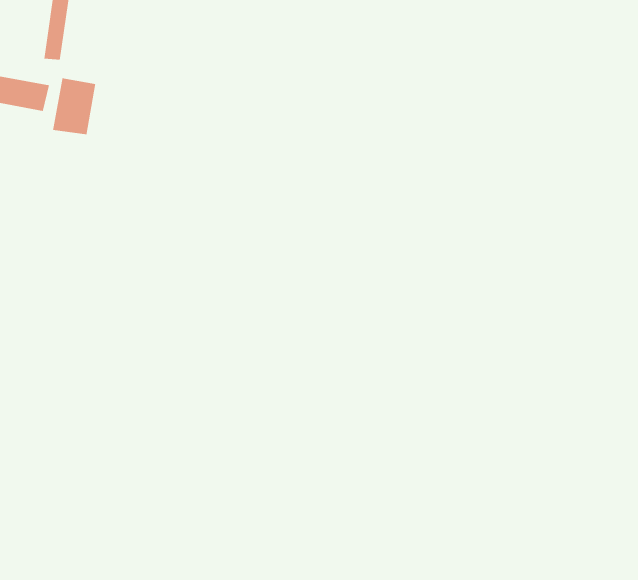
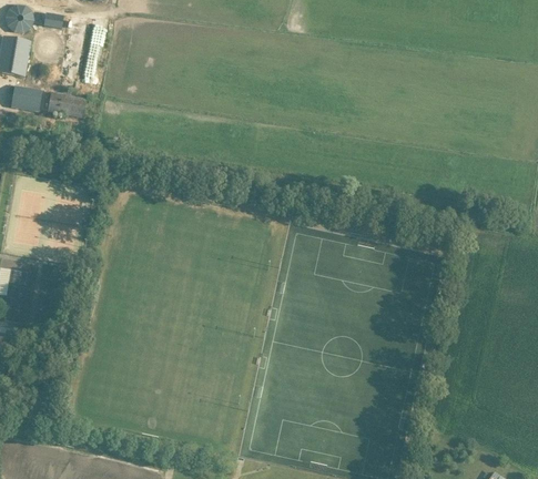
building: [52,77,96,135] -> none

